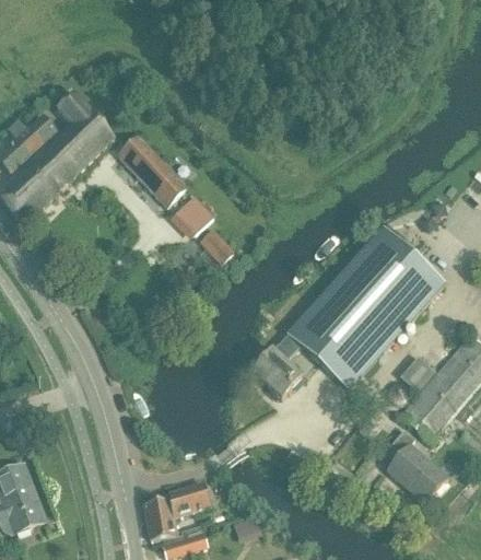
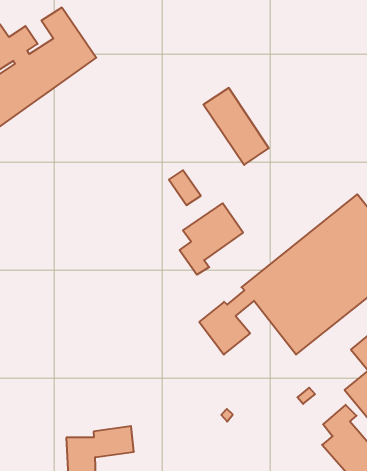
building: [118,135,187,206] -> [203,88,269,165]
building: [168,197,214,242] -> none
building: none -> [180,203,243,275]

